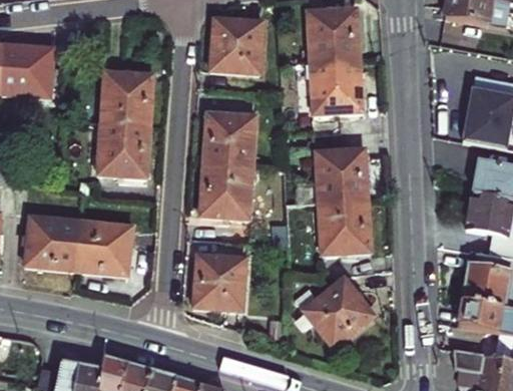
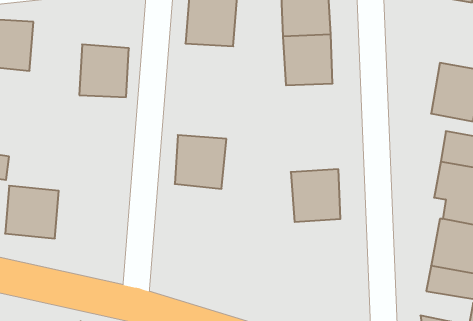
building: [202,111,256,167] -> none
building: [97,122,149,176] -> none
building: [317,147,368,202] -> none
building: [76,221,132,275] -> none
building: [193,254,245,309] -> none
building: [303,276,374,346] -> none

